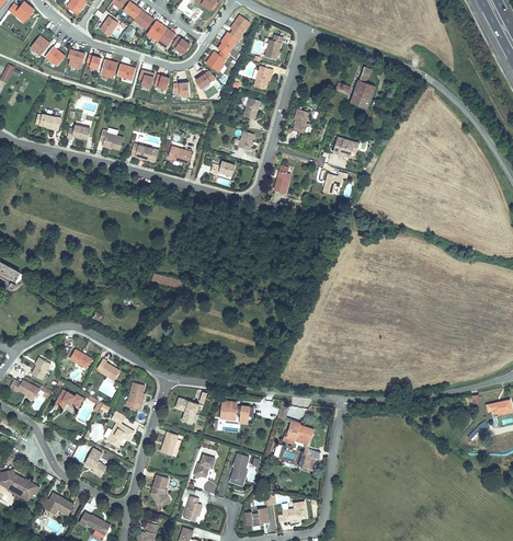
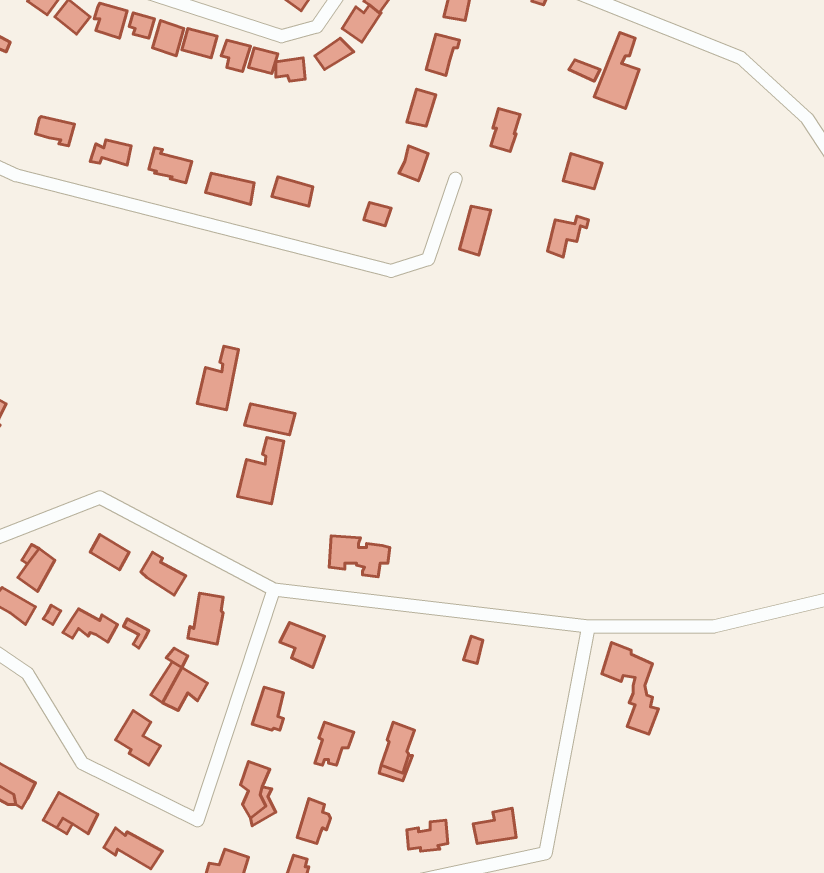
building: none -> [197,346,239,410]
building: none -> [237,438,284,504]
building: [219,401,253,424] -> [329,536,390,577]
building: [283,419,315,471] -> [602,642,658,734]

